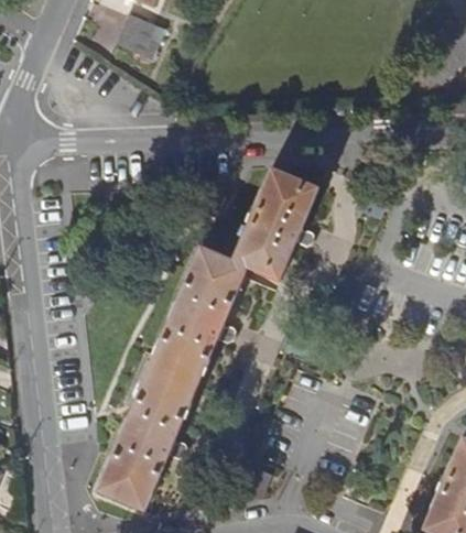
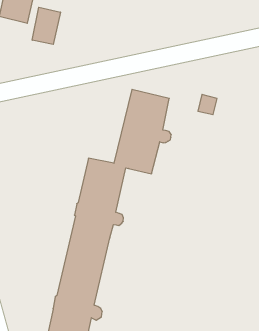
building: none -> [32,7,60,44]

